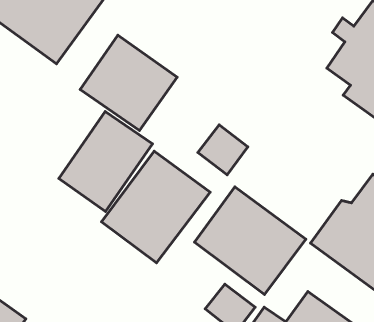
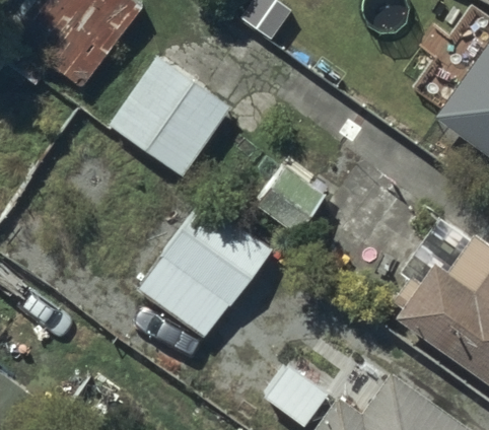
building: [59,111,153,211] -> none
building: [194,187,306,295] -> none

